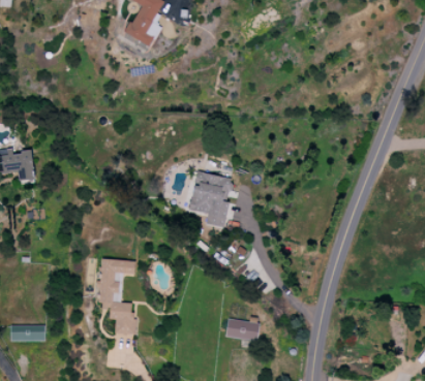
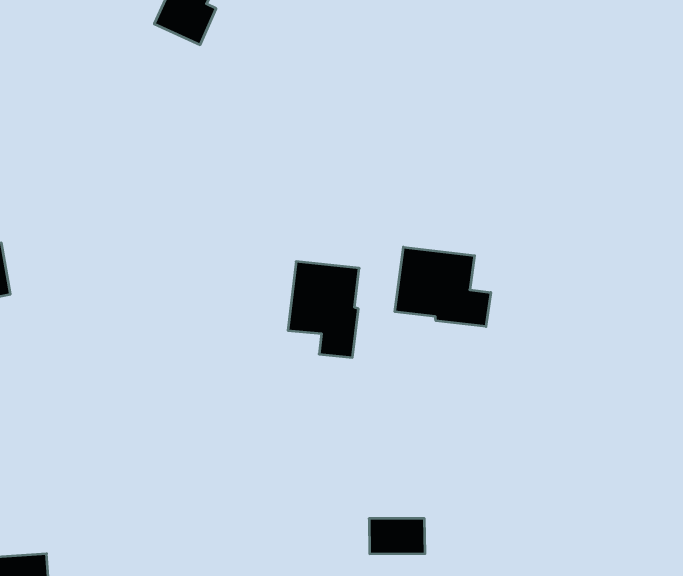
building: none -> [395,247,491,327]
building: [98,258,135,335] -> none

